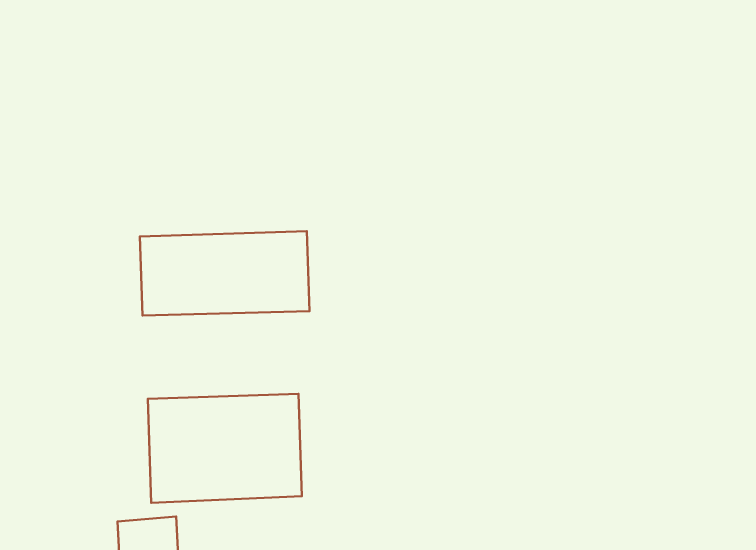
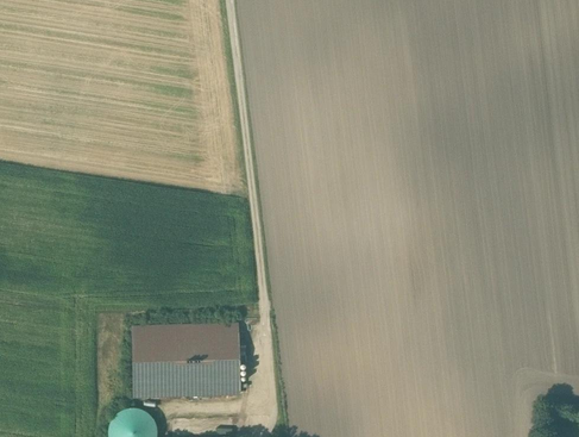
building: [140,231,310,316] -> none

